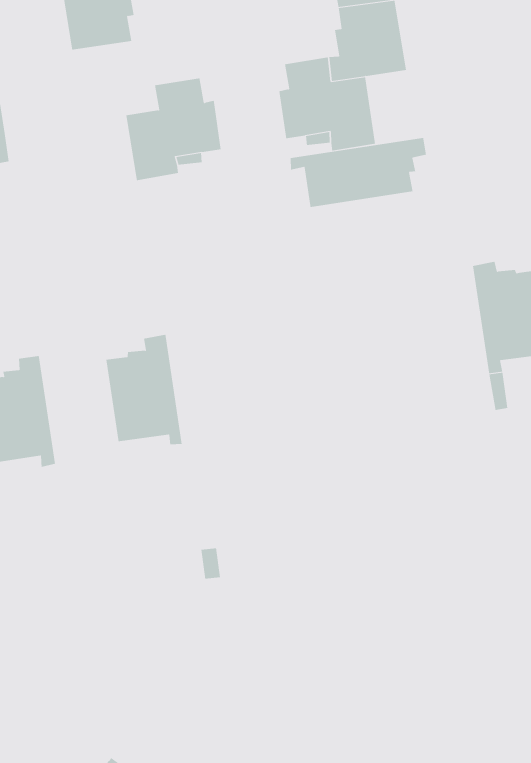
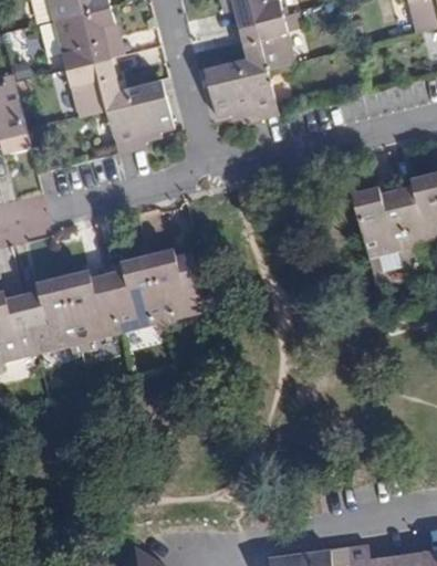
building: none -> [64,57,127,116]
building: [290,137,427,208] -> none
building: none -> [146,252,205,329]
building: none -> [61,274,119,350]

